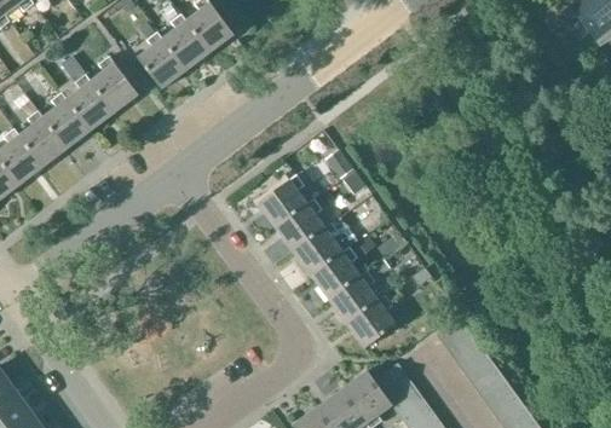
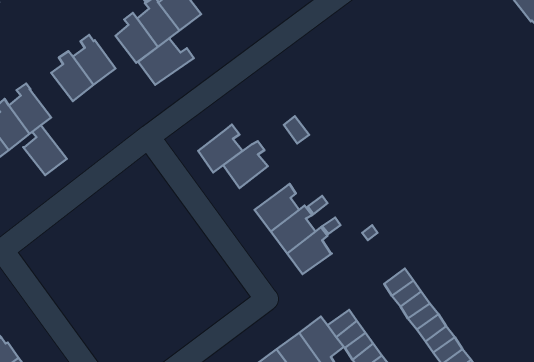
building: none -> [138,38,194,85]
building: [42,93,91,149] -> [23,125,67,175]
building: [276,198,325,251] -> [198,125,243,173]
building: [346,295,397,348] -> none

